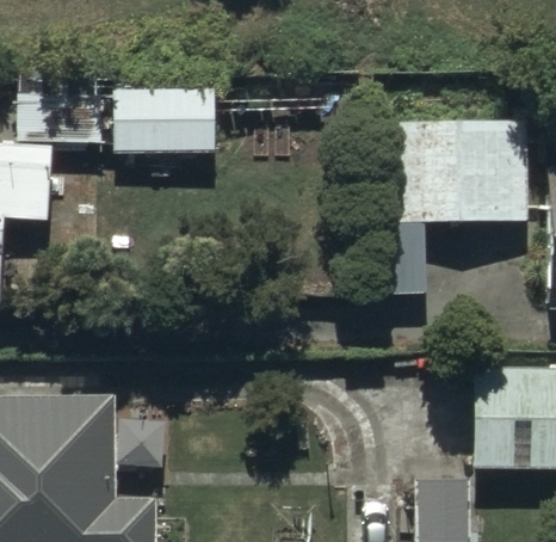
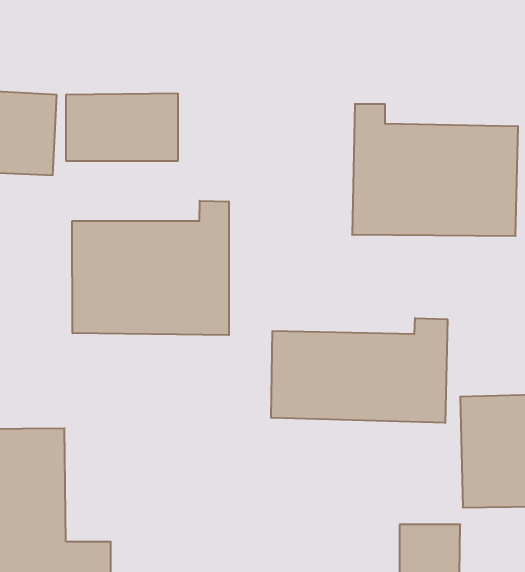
building: none -> [72,201,229,335]
building: none -> [271,318,447,423]

